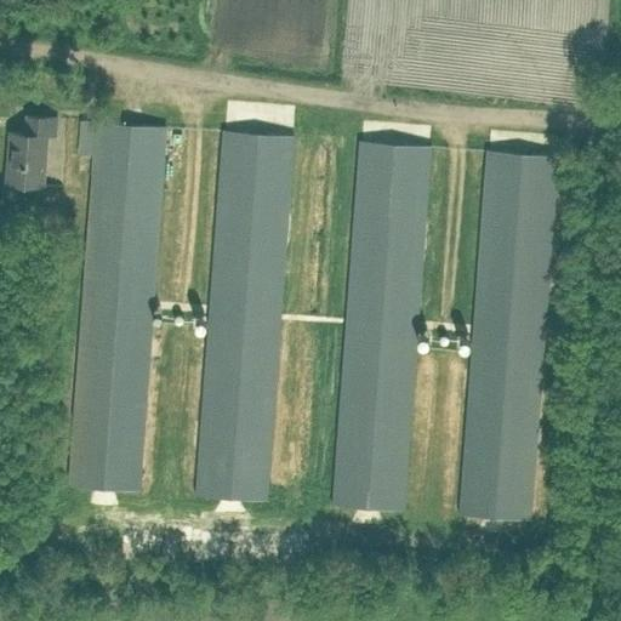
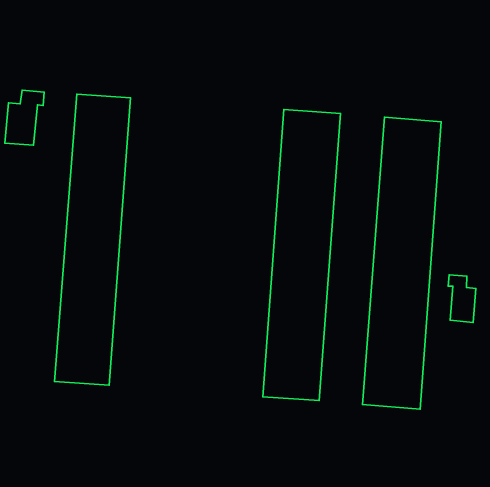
building: [195,133,295,501] -> none
building: none -> [448,275,476,323]

